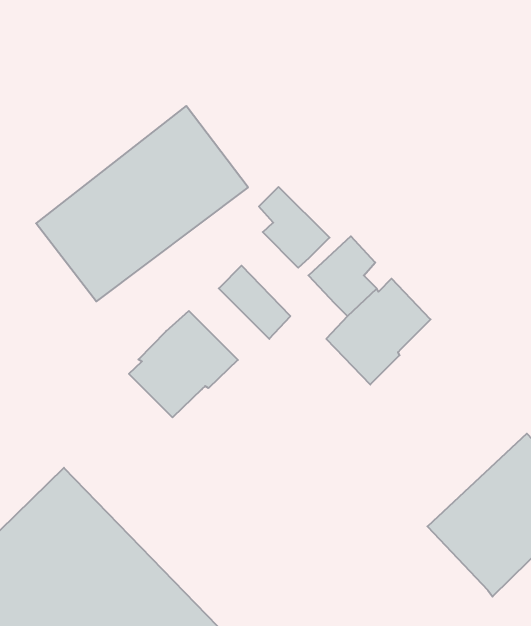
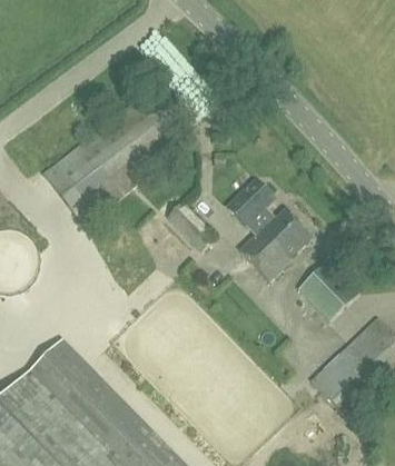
building: [259,187,330,268] -> none
building: [129,311,238,417] -> none
building: none -> [296,257,359,320]

